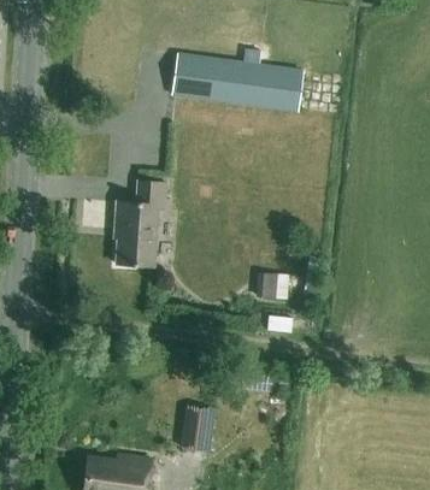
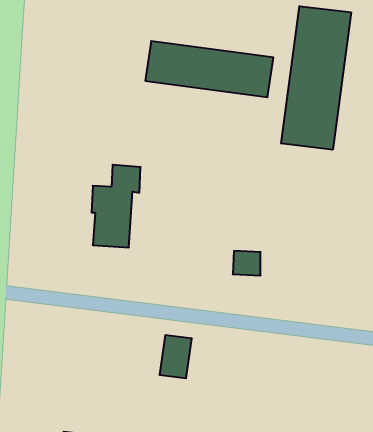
building: none -> [281,6,351,150]
building: [181,406,214,450] -> [159,335,192,378]

